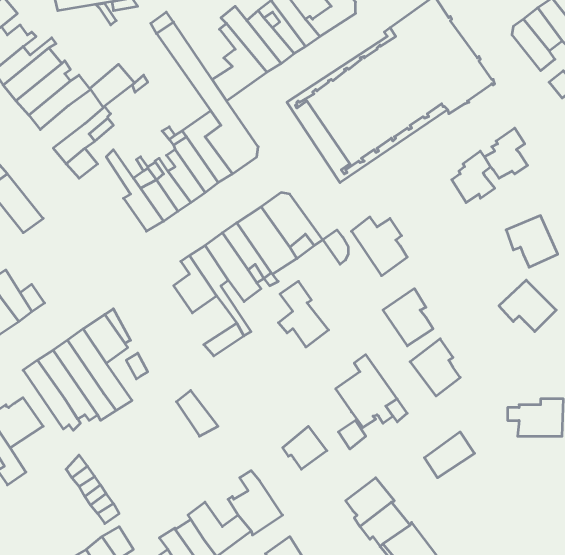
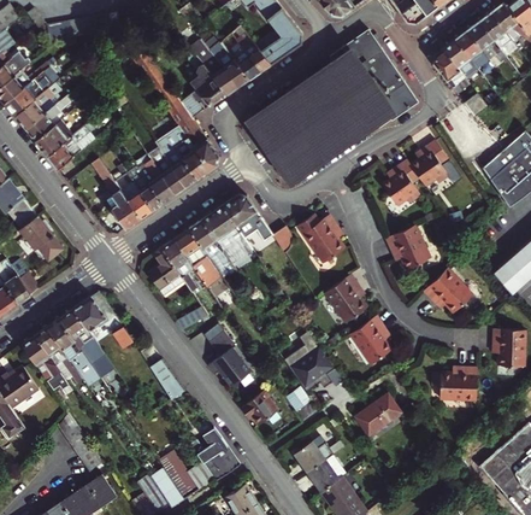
building: [90,64,134,107] -> [37,121,75,157]
building: [506,216,558,267] -> [388,226,431,269]
building: none -> [20,216,63,256]
building: [278,281,329,347] -> [208,332,250,387]

